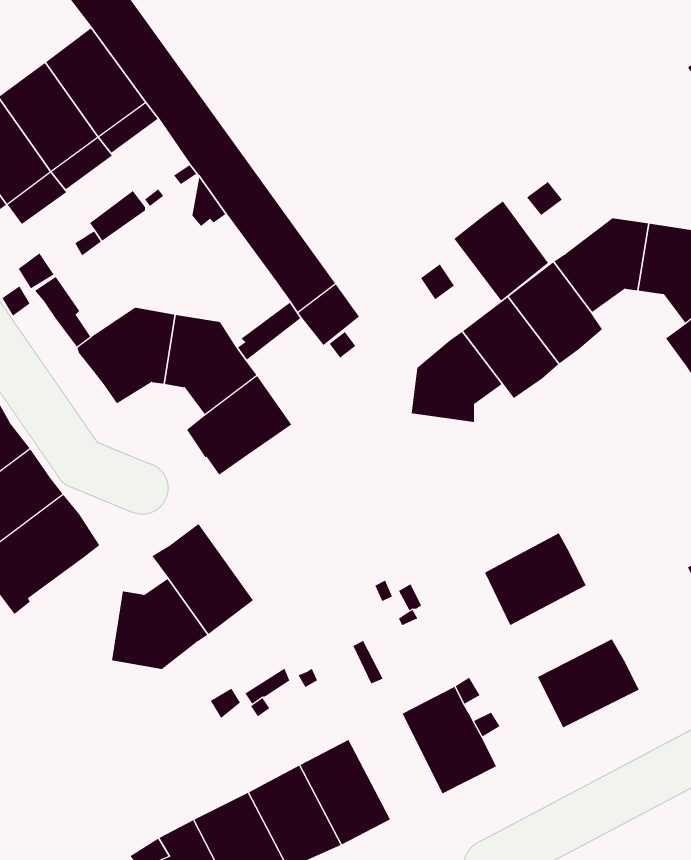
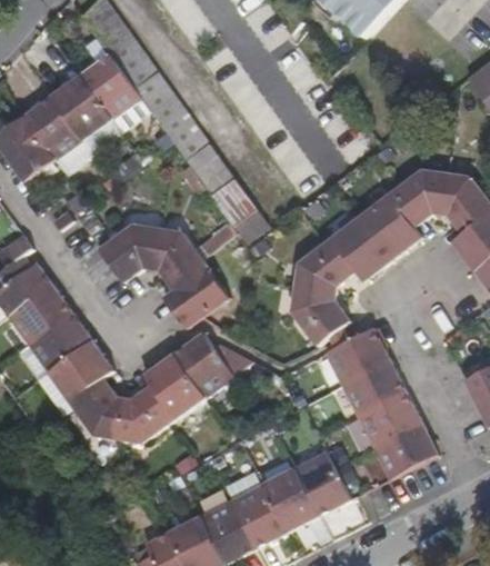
building: [453,201,549,301] -> none
building: none -> [297,287,353,345]
building: none -> [329,329,390,384]
building: none -> [171,331,234,400]
building: none -> [68,375,124,437]
building: none -> [360,391,422,447]
building: none -> [262,469,319,534]

